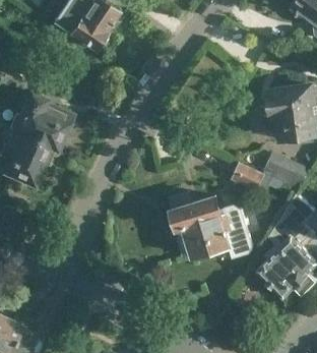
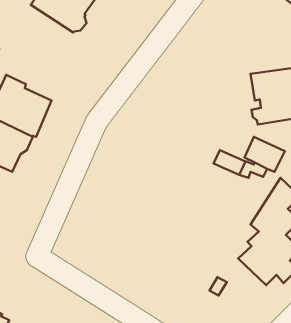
building: [168,192,253,259] -> none

